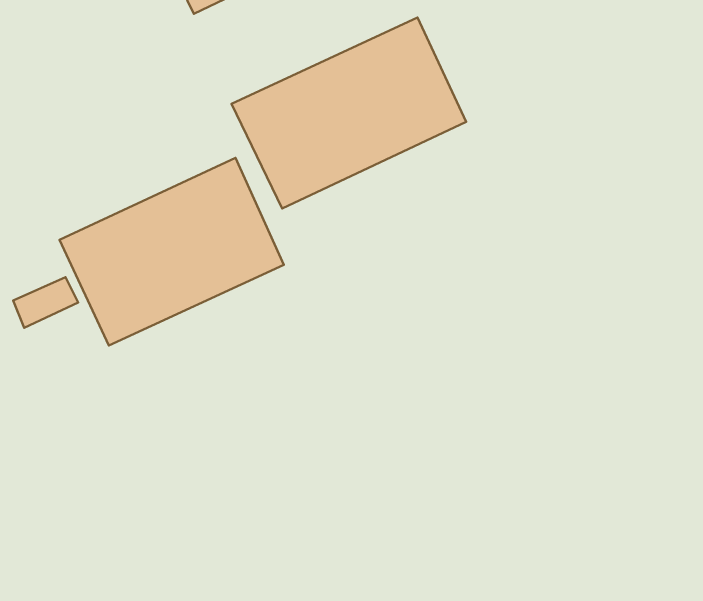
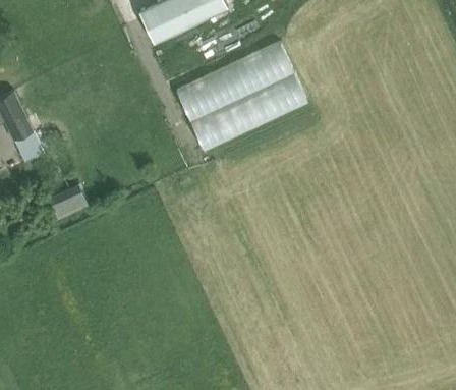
building: [59,158,284,346] -> none

